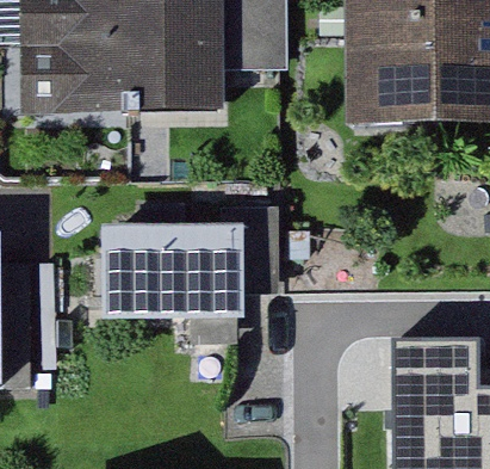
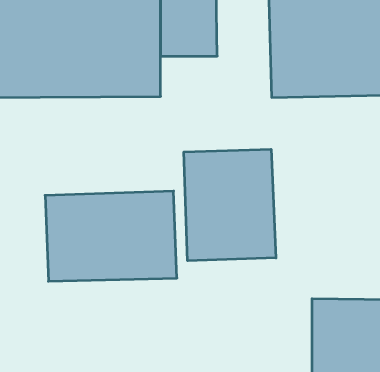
building: none -> [184,149,276,261]

